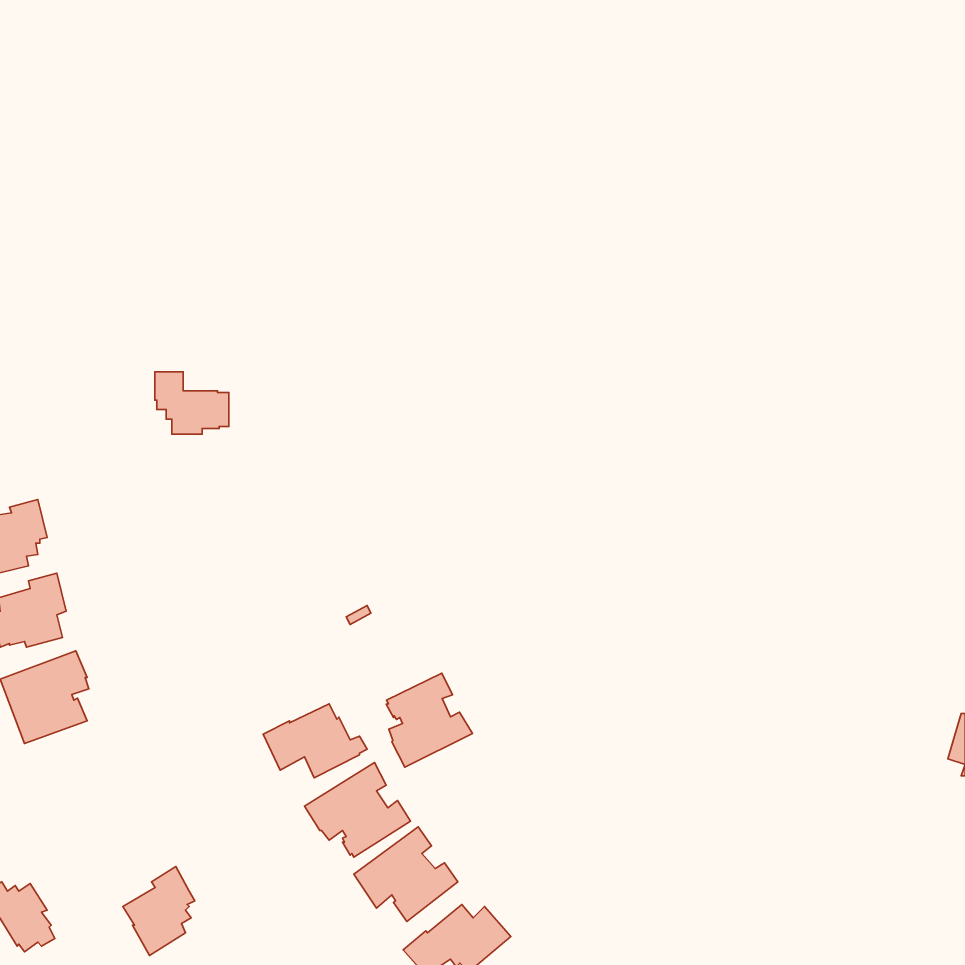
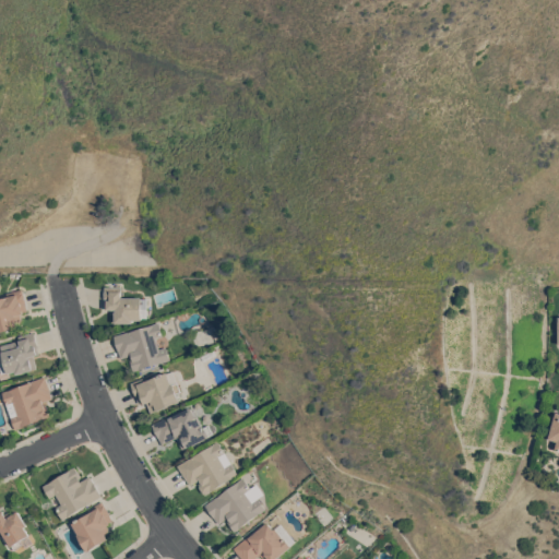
building: [155,372,229,434] -> [104,287,146,323]
building: none -> [112,322,168,372]
building: none -> [130,371,180,414]
building: [386,673,473,767] -> none
building: none -> [41,467,102,521]

